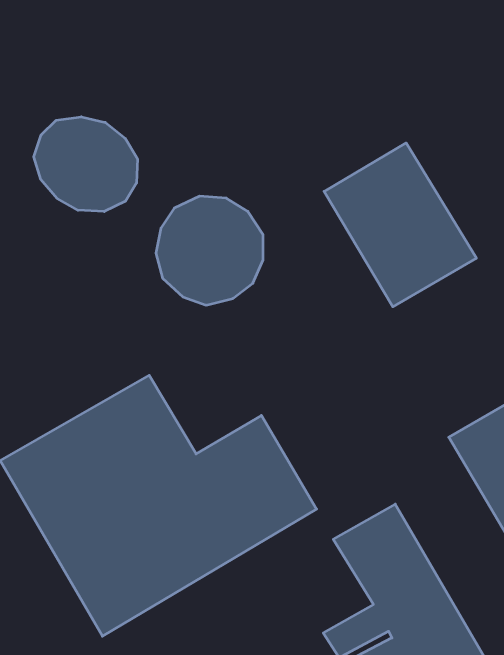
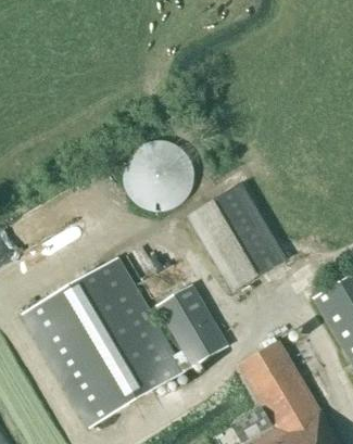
building: [34,117,137,212] -> none
building: [324,143,476,307] -> [187,185,286,291]

